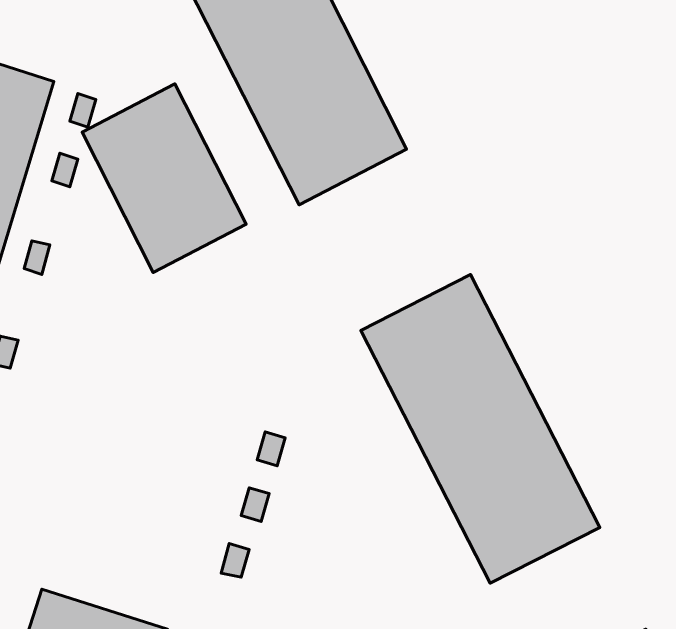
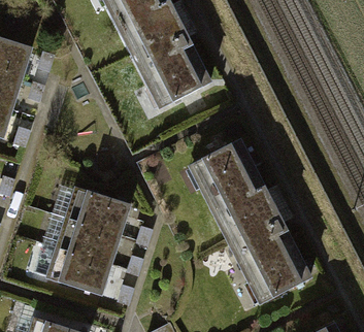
building: [82,84,246,272] -> none
building: none -> [44,187,129,294]

